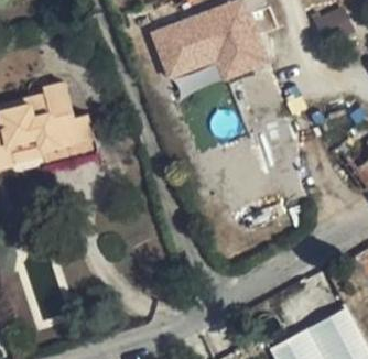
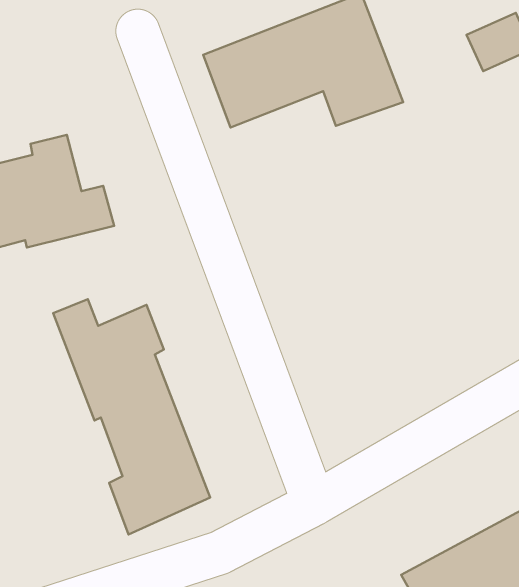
building: none -> [53,299,210,535]

